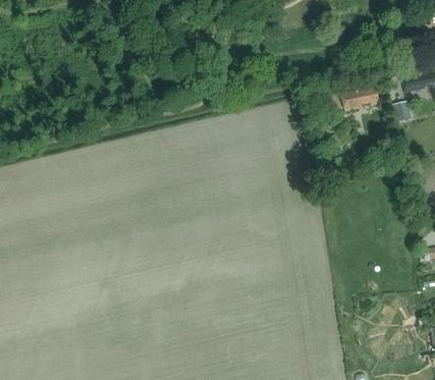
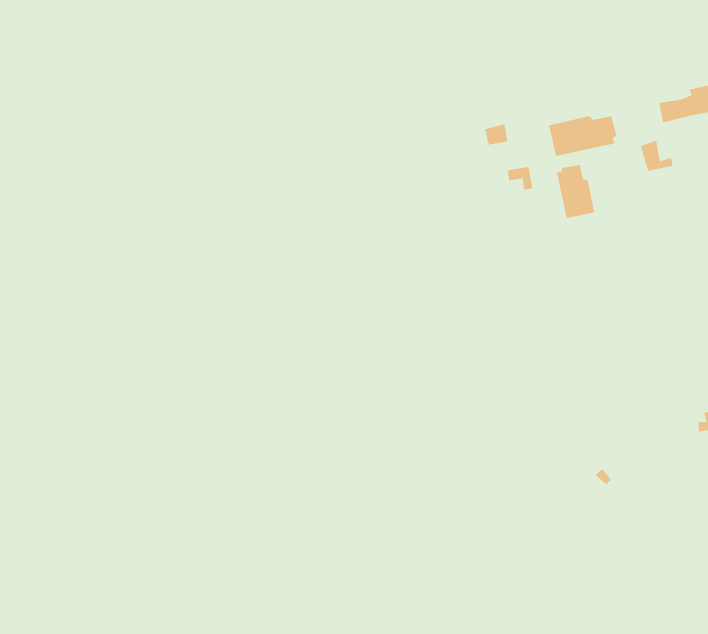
building: none -> [556,164,595,219]

